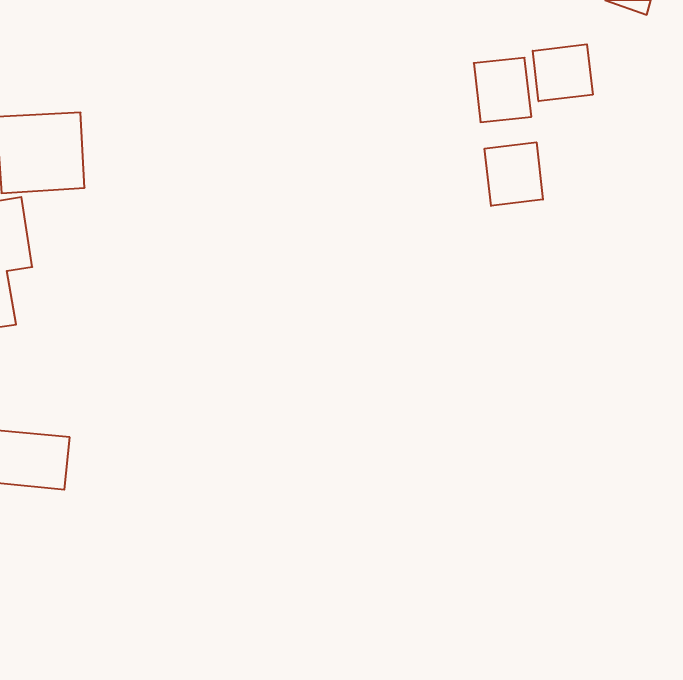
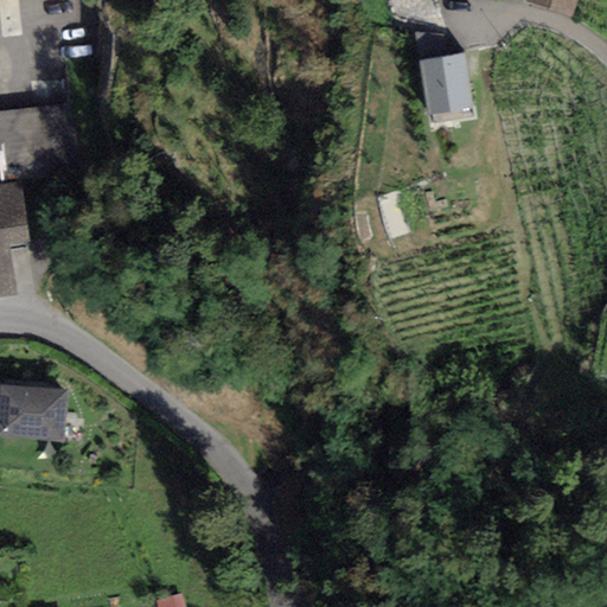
building: [533,44,593,101] -> none
building: [485,142,543,206] -> none

